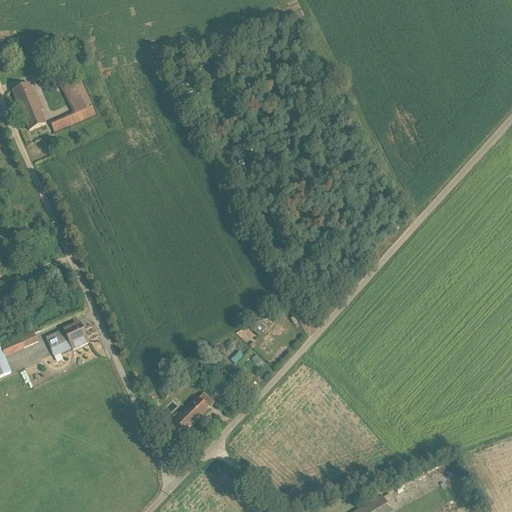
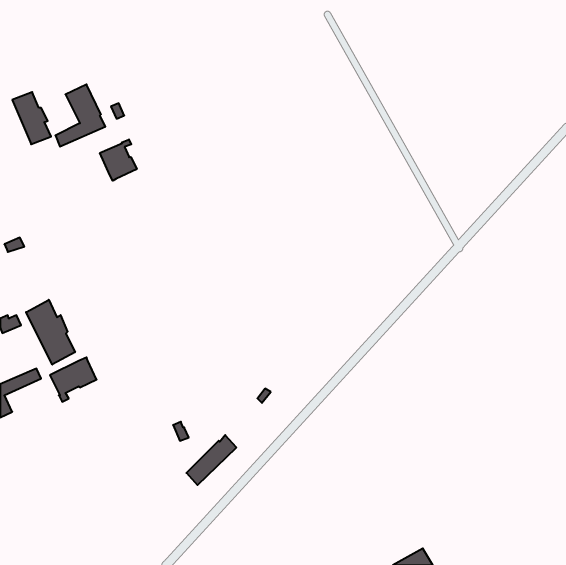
building: none -> [100,139,137,181]
building: none -> [26,300,75,365]

